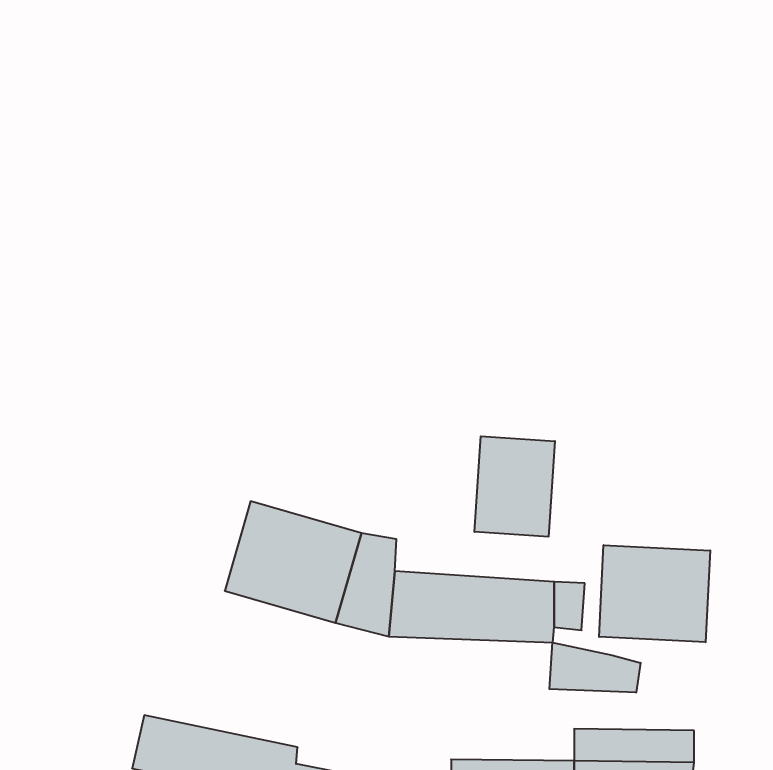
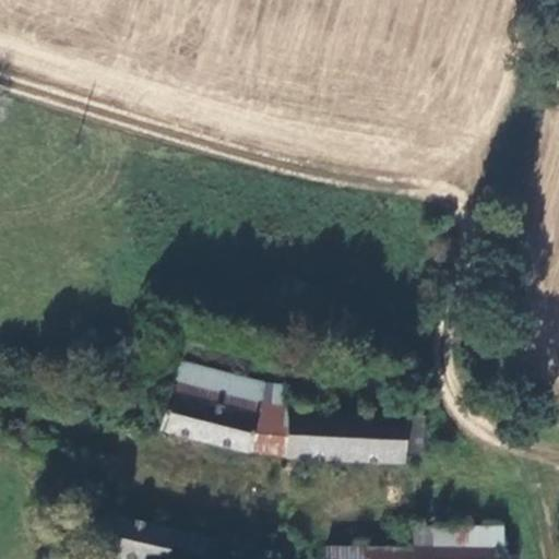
building: [474,436,555,537] -> none
building: [599,545,710,642] -> none
building: [549,642,641,693] -> none

